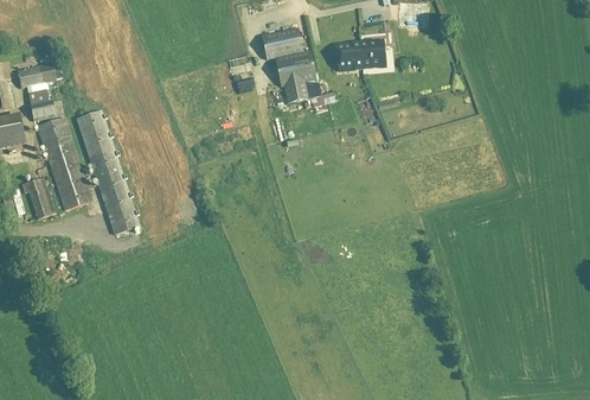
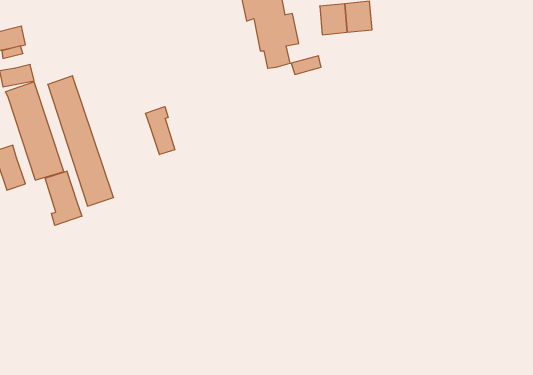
building: none -> [146,107,175,155]
building: none -> [45,171,82,225]

